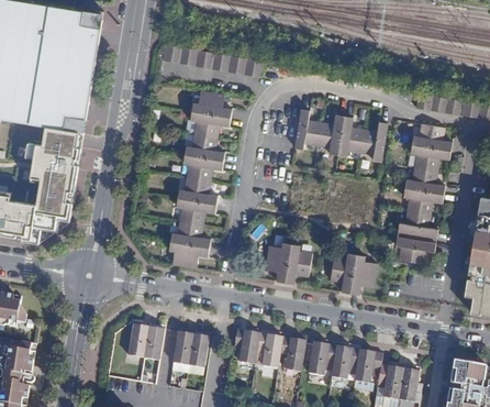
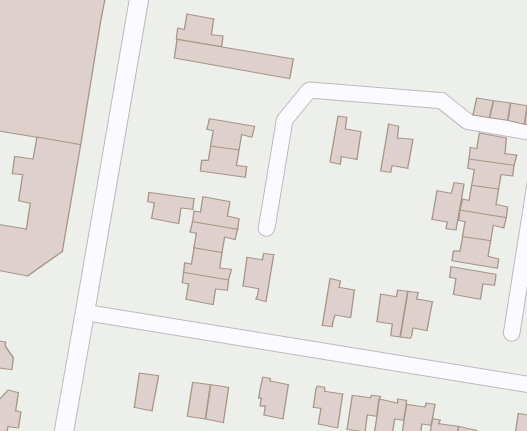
building: [191,89,231,117] -> [176,14,223,46]
building: [316,113,343,154] -> none
building: [359,121,387,161] -> [432,183,464,230]
building: [182,154,222,180] -> [148,192,194,224]
building: [267,244,293,285] -> [243,254,274,302]
building: [143,328,164,360] -> none
building: [256,332,281,367] -> none

